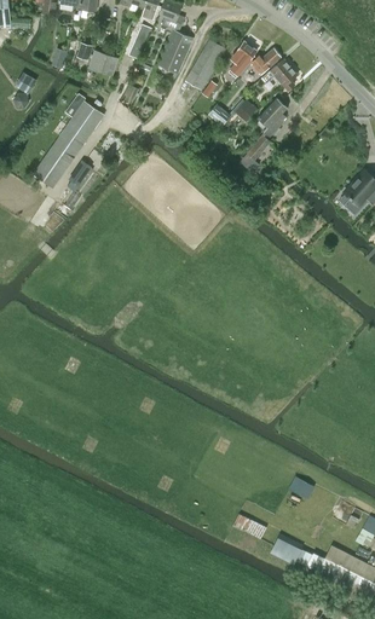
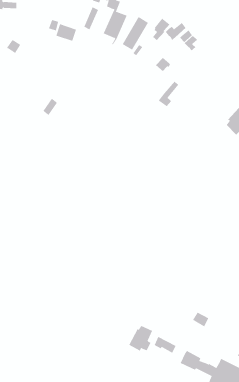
building: [258,98,287,137] -> none
building: [33,100,104,187] -> none
building: none -> [129,325,153,351]

